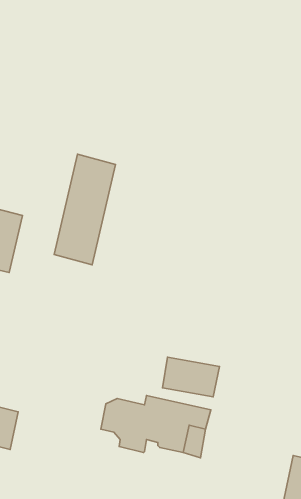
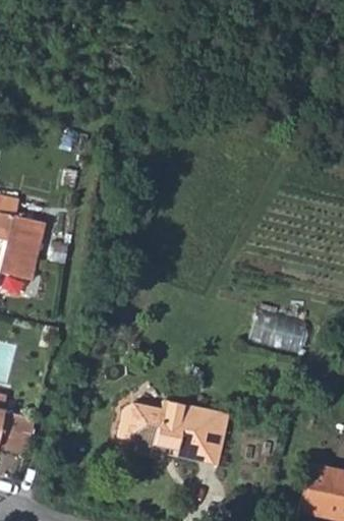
building: [54,154,115,265] -> none
building: [162,357,219,397] -> [252,306,309,346]

